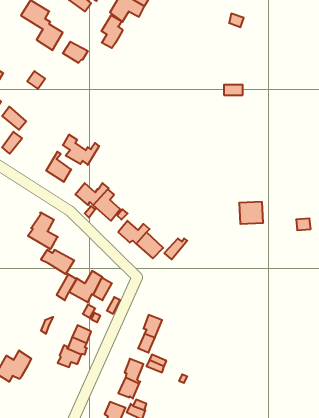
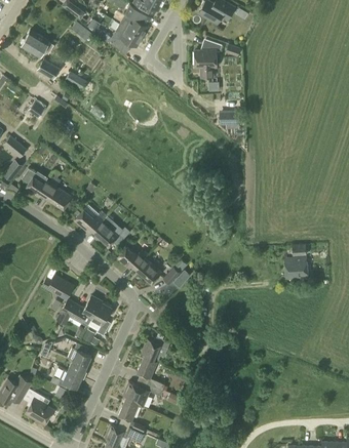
building: none -> [196,39,224,77]
building: [102,15,123,48] -> none
building: [63,135,99,165] -> [23,167,59,197]
building: [239,202,263,224] -> [285,257,309,279]
building: [28,212,58,249] -> none
building: none -> [24,388,54,423]

